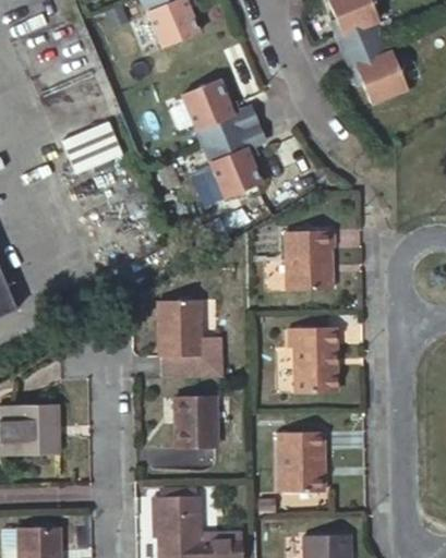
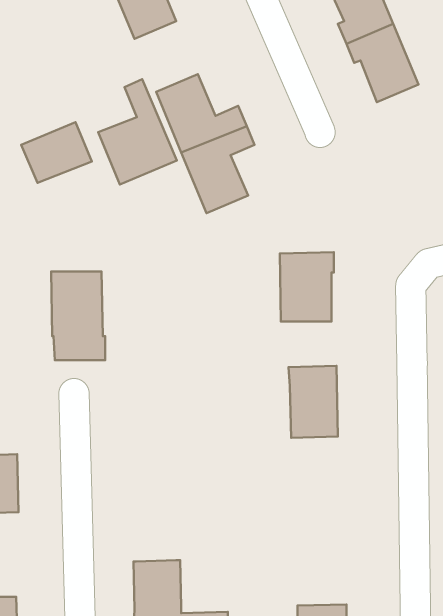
building: none -> [98,79,177,185]
building: [160,301,207,377] -> [51,272,105,360]
building: [176,398,215,449] -> none
building: [280,434,326,494] -> none

